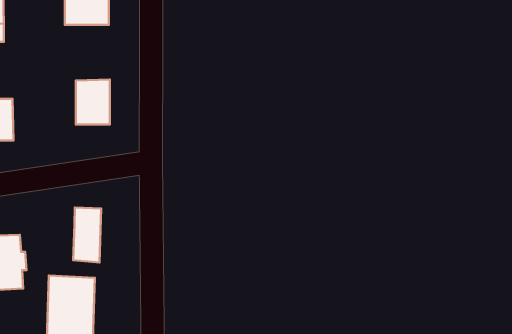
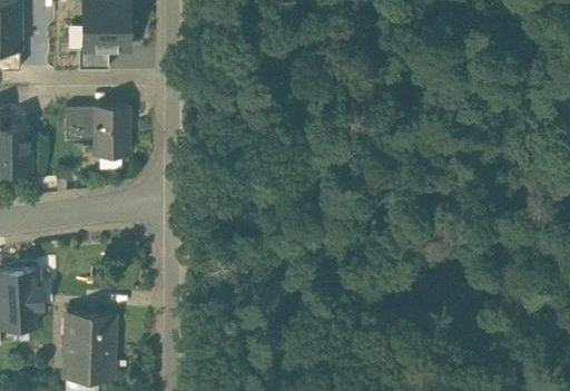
building: none -> [66,108,94,139]
building: [73,208,101,262] -> none

